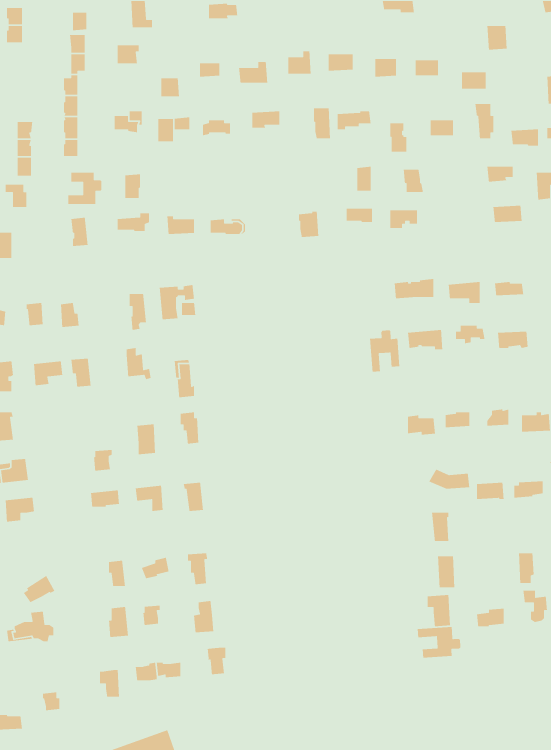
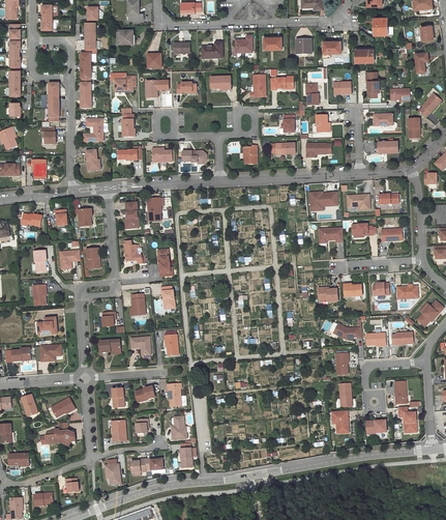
building: [369,330,400,372] -> none
building: [417,626,461,658] -> none

